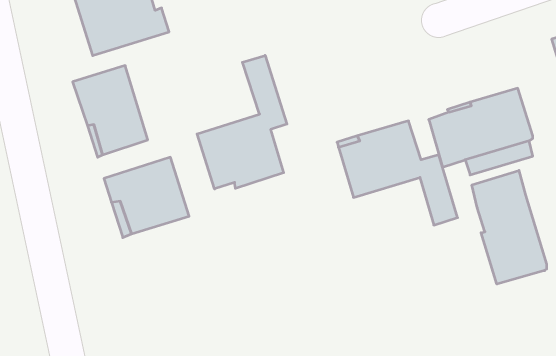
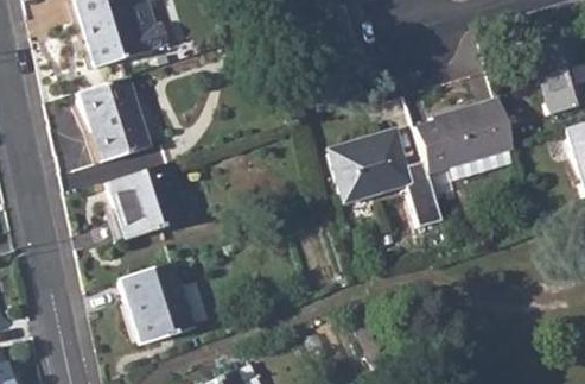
building: [197,55,287,189] -> none
building: [472,170,547,284] -> none
building: none -> [121,259,193,344]

